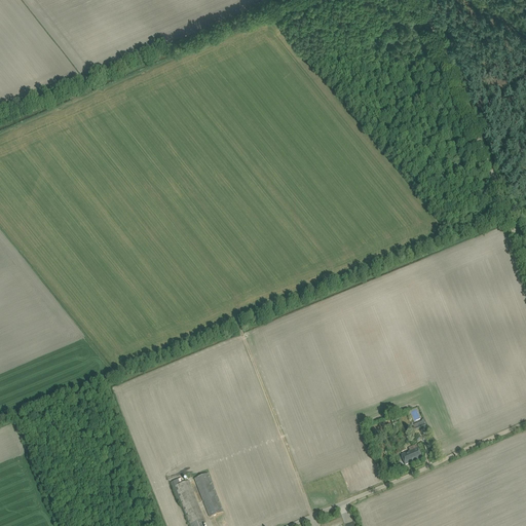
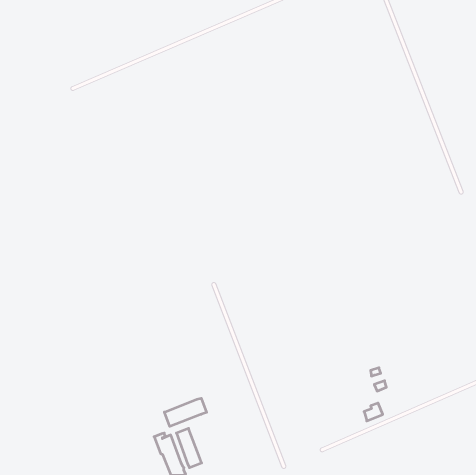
building: none -> [164,398,207,426]

